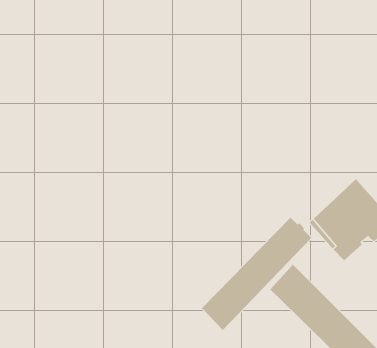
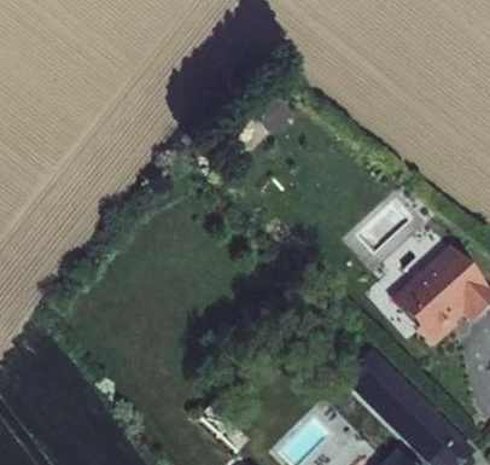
building: [201,217,312,331] -> none

